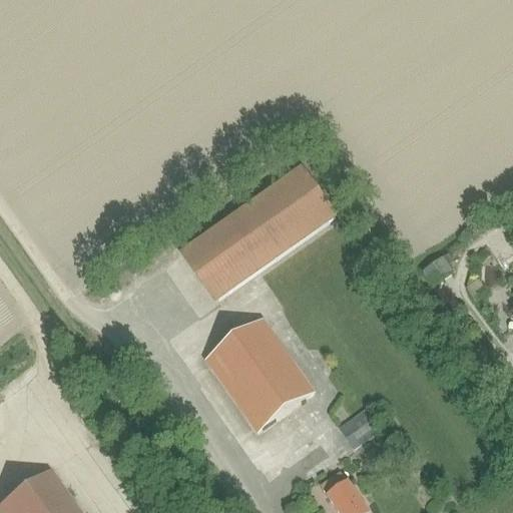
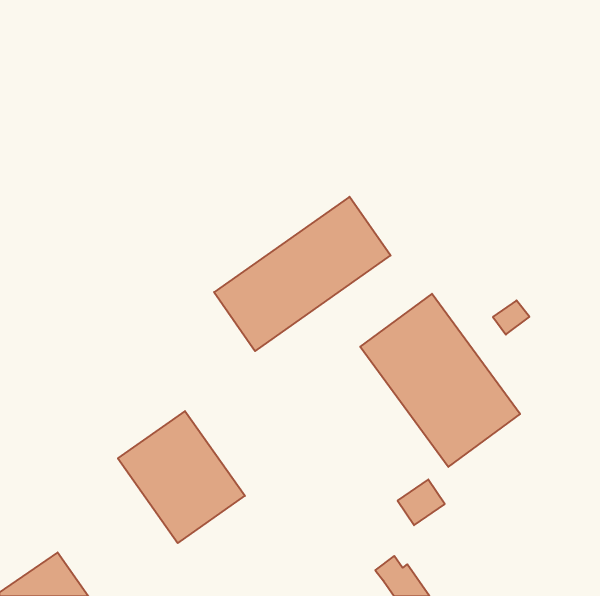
building: none -> [360,294,520,467]
building: [205,319,314,431] -> [118,411,245,543]

